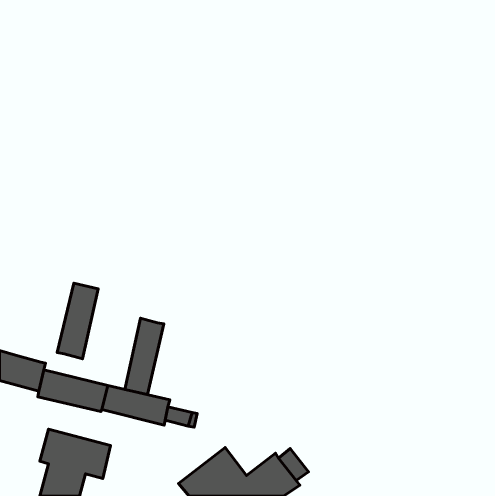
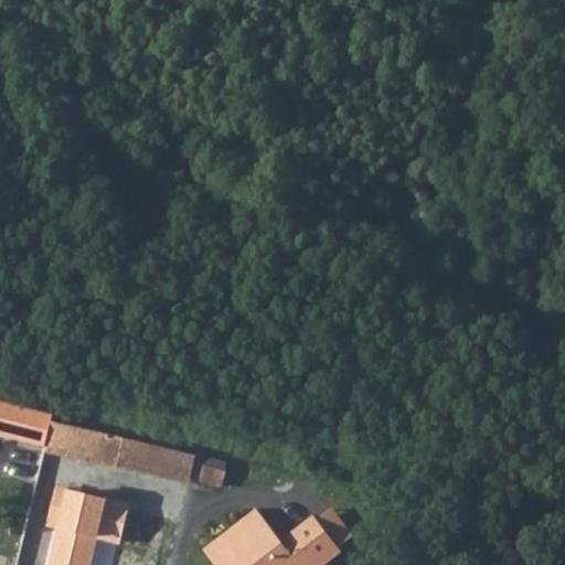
building: [57,283,98,359] -> none
building: [125,318,164,394] -> none

